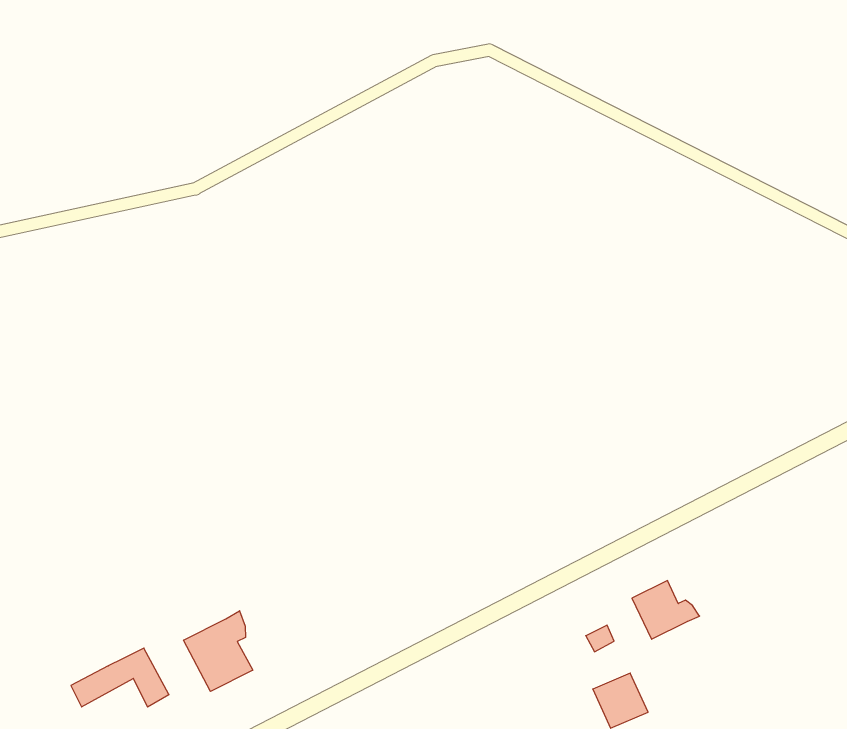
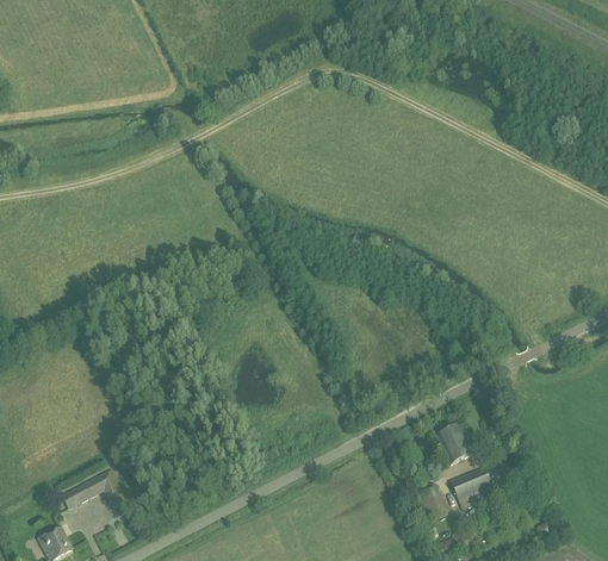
building: [184,611,253,691] -> none
building: none -> [448,463,495,506]

